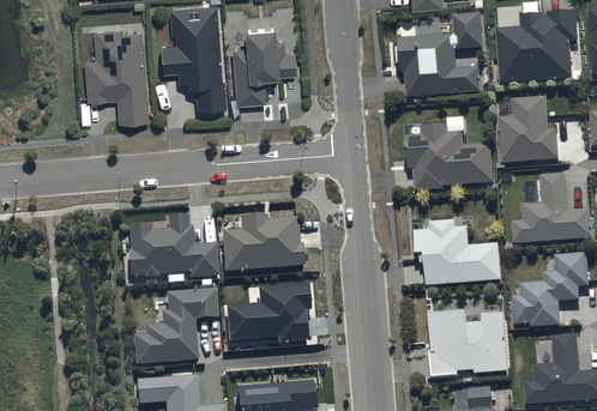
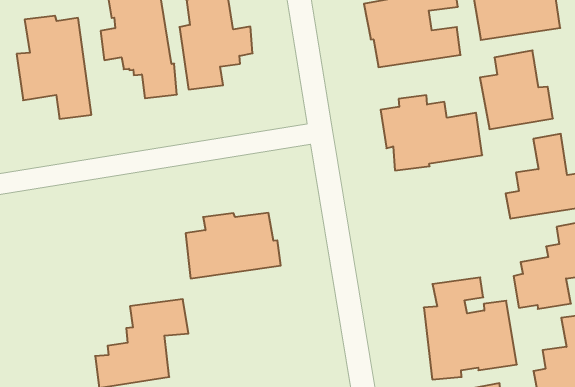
building: [128,217,217,278] -> none
building: [414,222,501,286] -> none
building: [227,285,310,345] -> none

